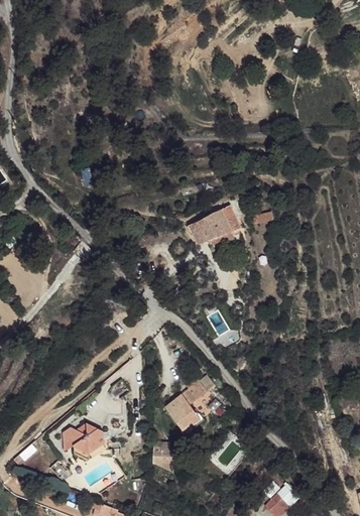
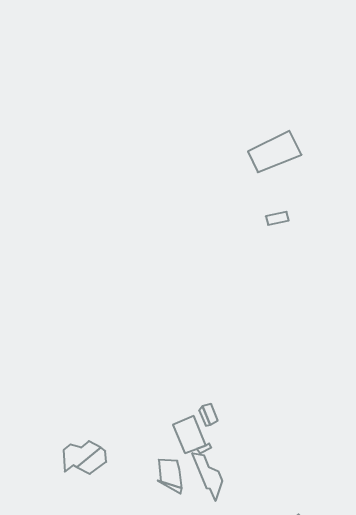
building: [193,205,242,243] -> [248,131,302,172]
building: none -> [192,453,222,501]

